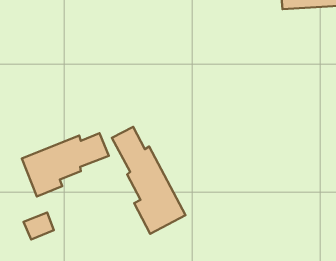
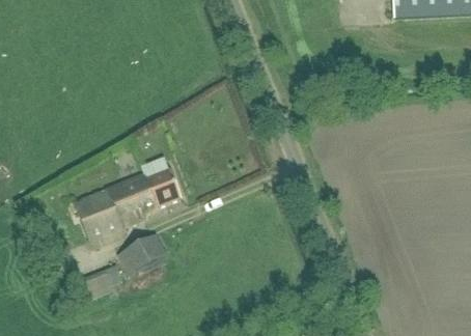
building: [112,127,185,234] -> none
building: none -> [116,233,168,277]

